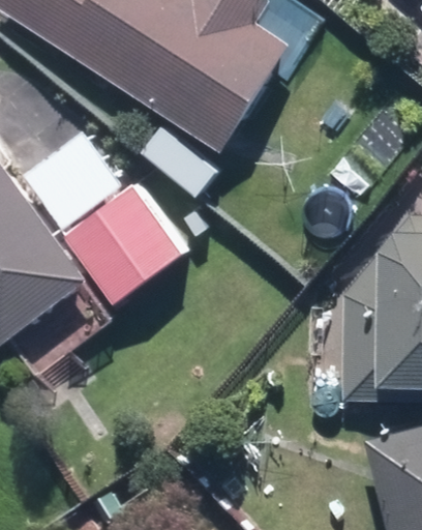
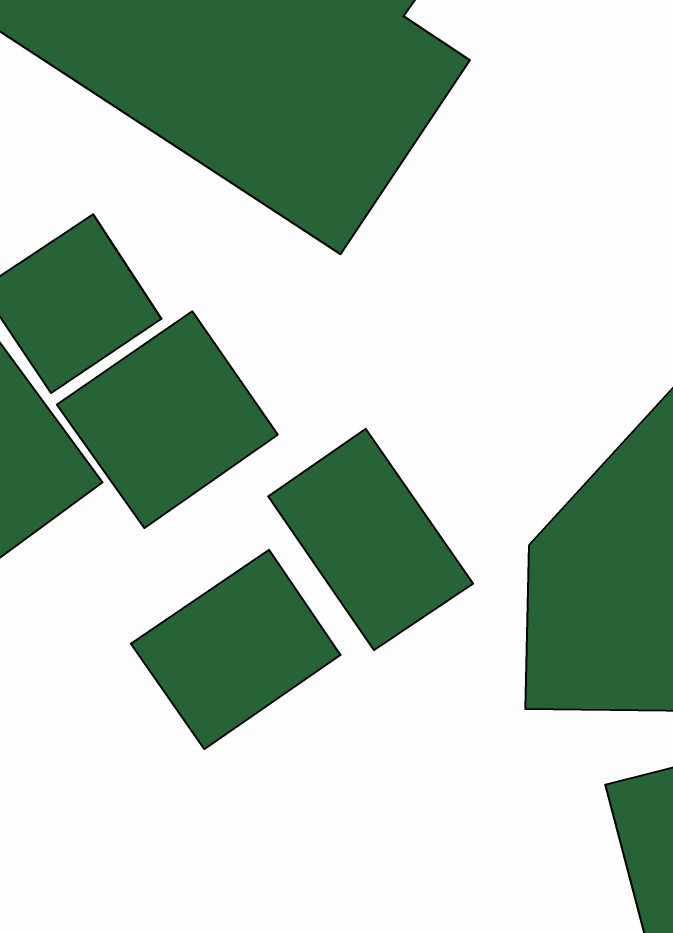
building: none -> [268,429,473,650]
building: none -> [131,550,341,749]

